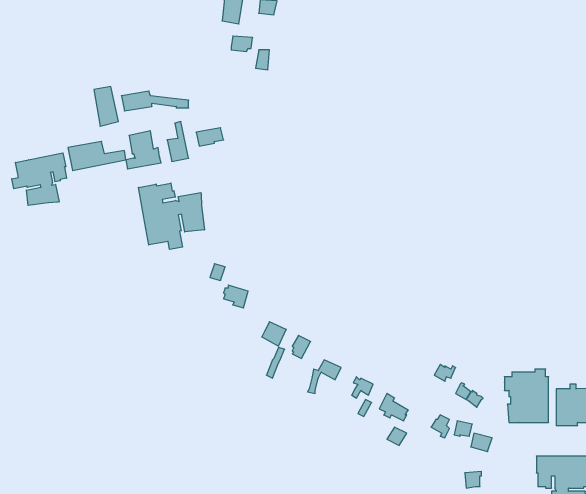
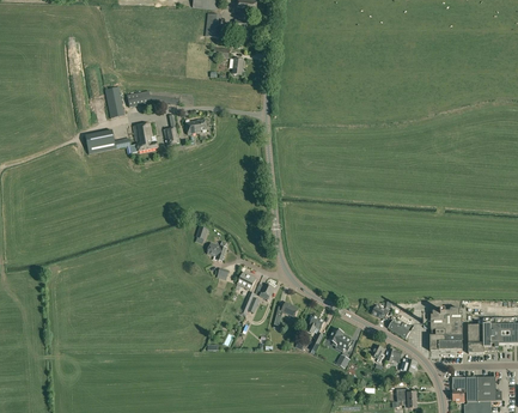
building: [12,153,67,205] -> none
building: [138,183,204,249] -> none

